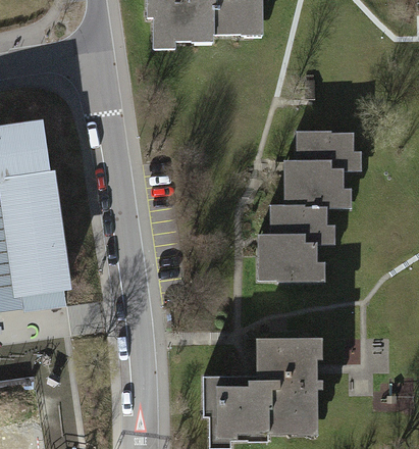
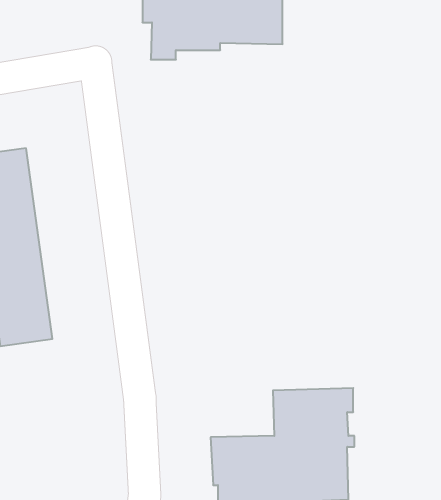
building: [259,129,362,279] -> none

